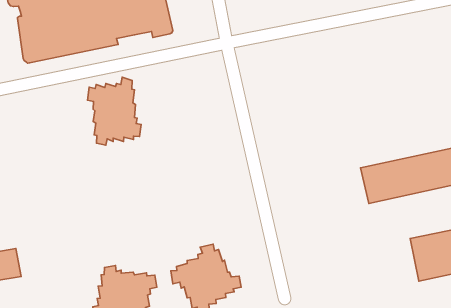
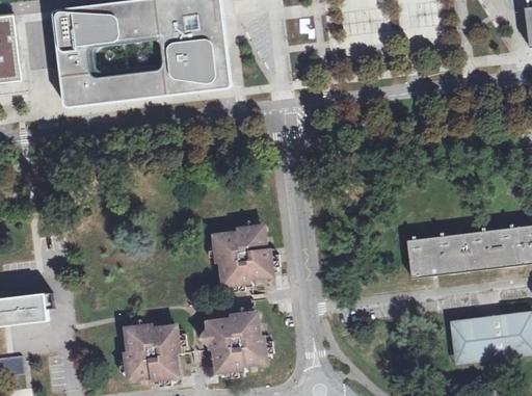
building: [87,77,141,145] -> none
building: none -> [208,221,282,293]

